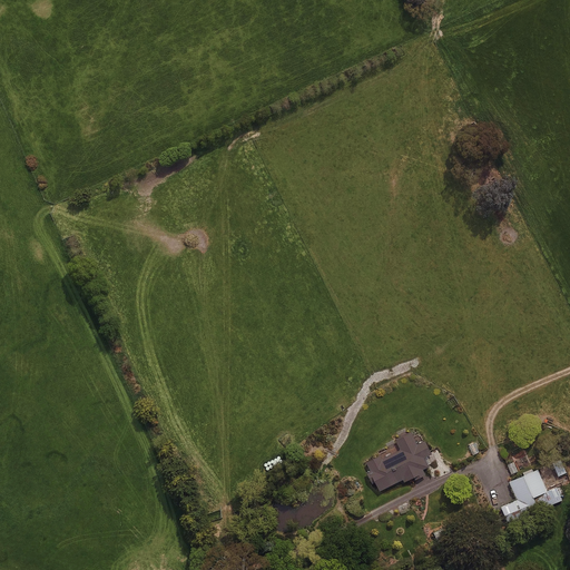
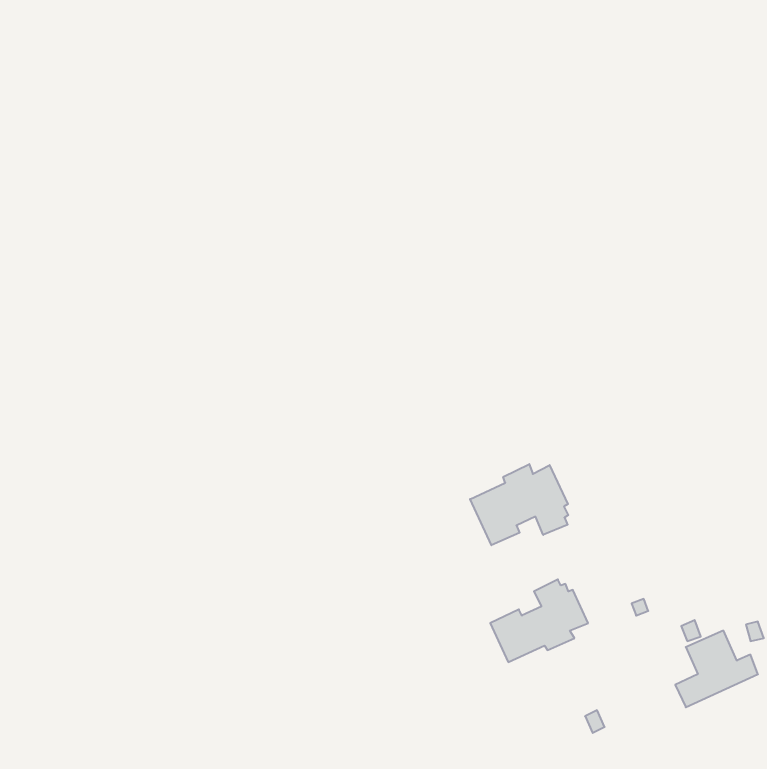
building: none -> [470,464,568,545]

